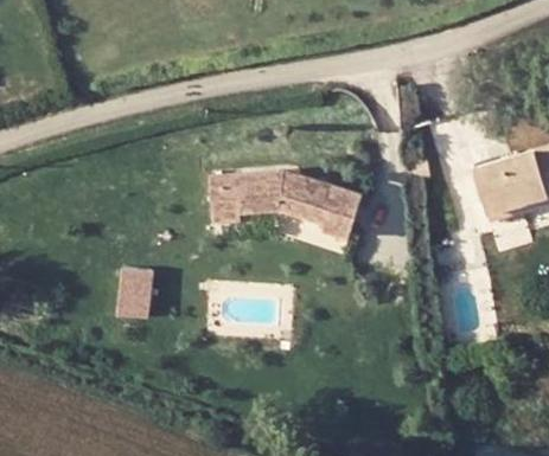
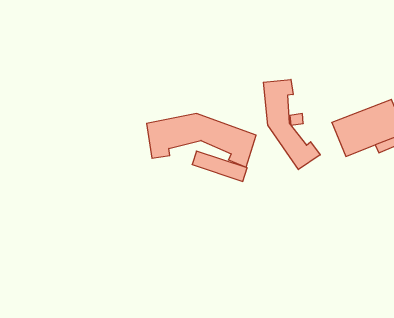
building: none -> [263,79,320,170]
building: [121,269,155,320] -> none

